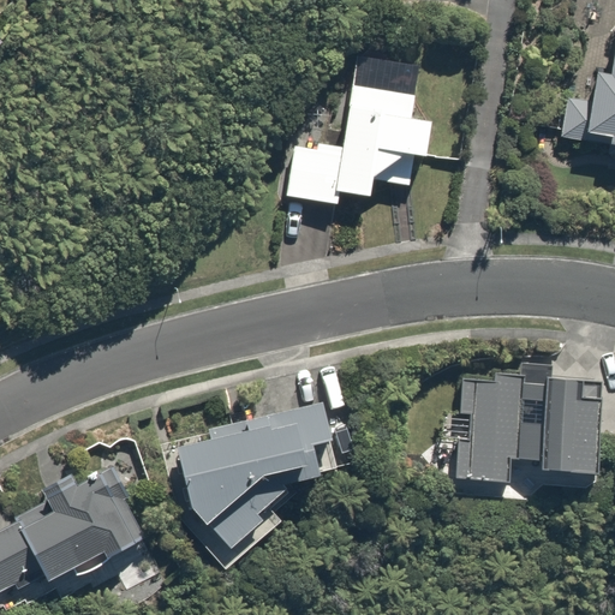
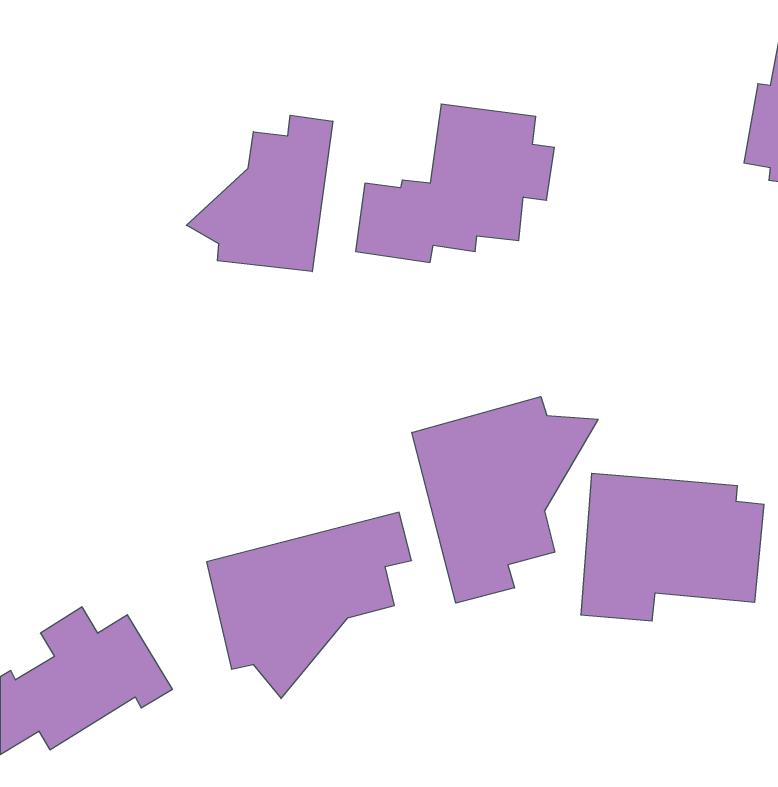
building: none -> [186,115,333,272]
building: none -> [412,397,598,603]

